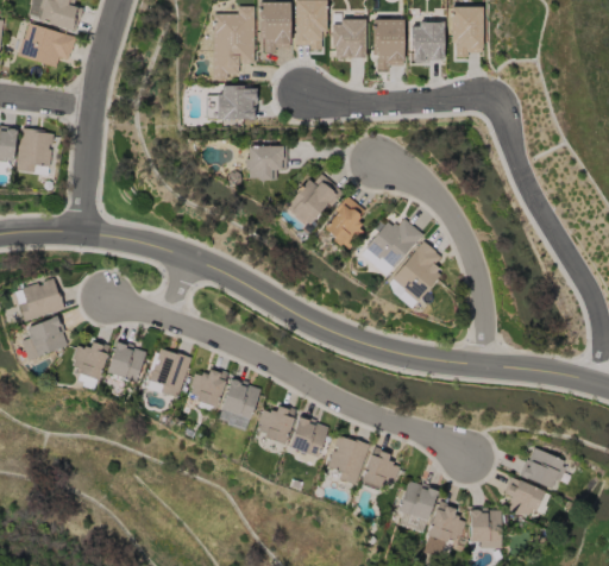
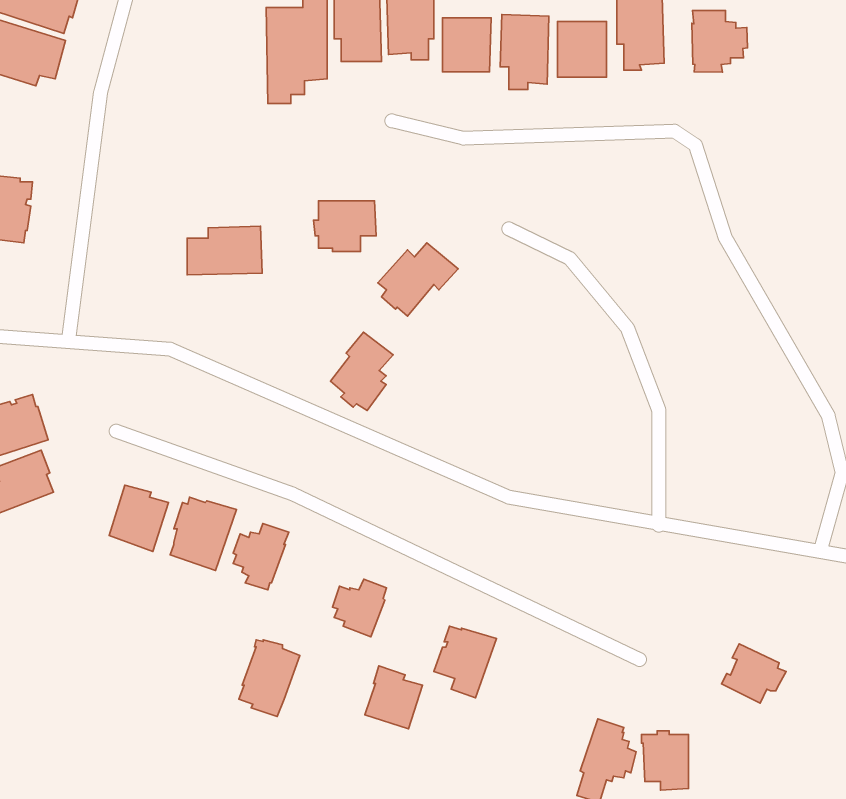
building: none -> [692,10,747,72]
building: [206,87,257,120] -> [187,226,262,275]
building: [324,195,366,249] -> [330,332,393,411]
building: [364,220,421,269] -> none
building: [388,241,440,309] -> none
building: [71,340,108,390] -> none
building: [218,378,259,430] -> [239,640,300,716]
building: [288,414,327,457] -> [365,666,423,729]
building: [360,446,401,490] -> none
building: [503,477,550,517] -> none
building: [396,480,439,524] -> none

